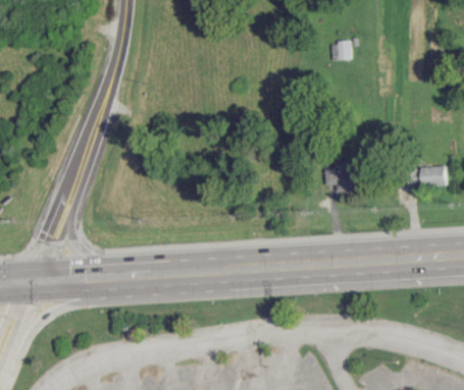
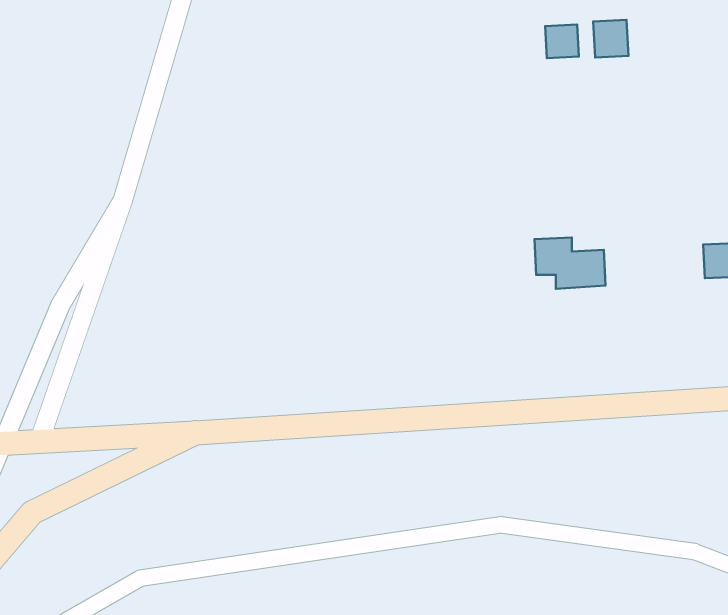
building: none -> [593,20,628,57]

